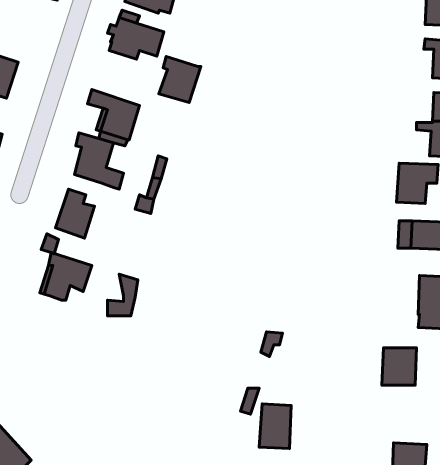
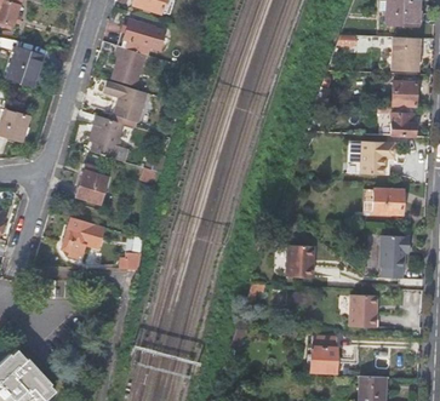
building: [159,56,201,103] -> [110,45,145,84]
building: none -> [287,245,315,280]
building: [259,404,291,449] -> [310,334,337,372]

